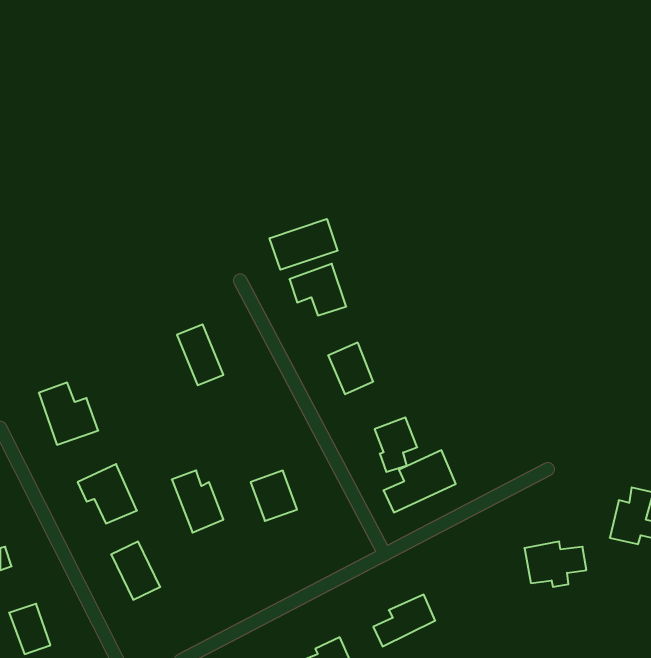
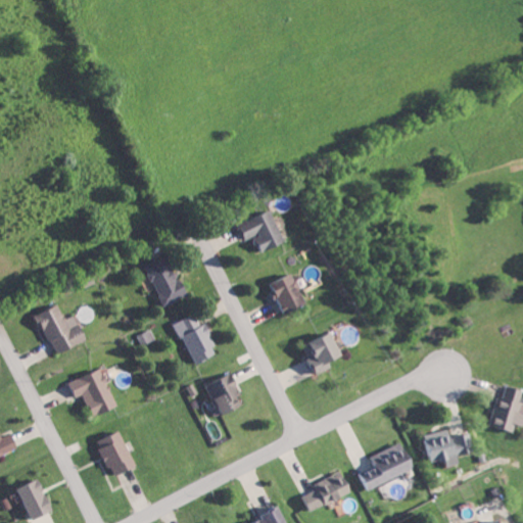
building: [270,219,338,270] -> none
building: [383,450,456,512] -> [358,442,415,491]
building: [172,470,223,533] -> [177,315,218,364]

